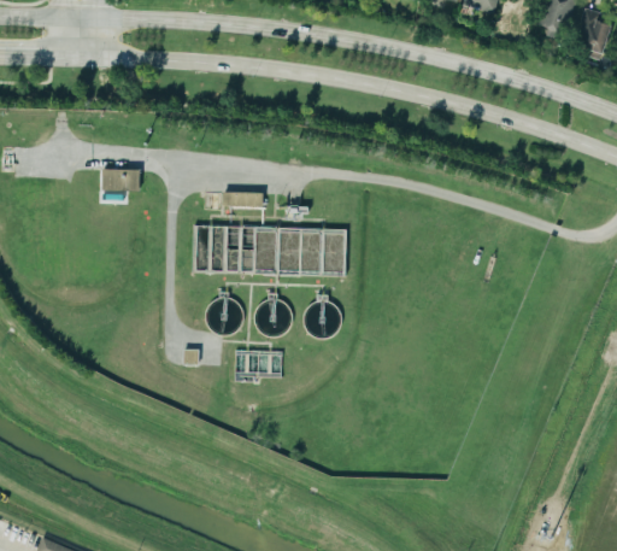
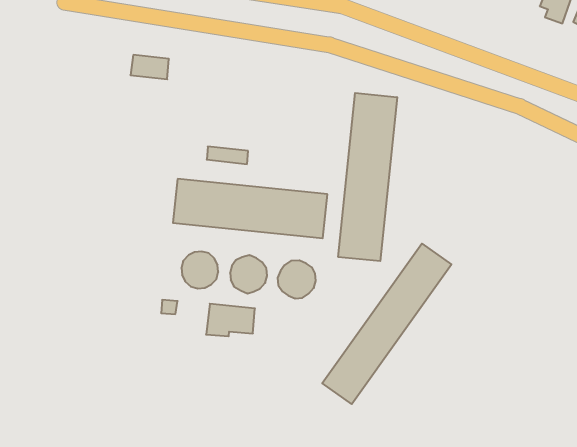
building: none -> [338,93,397,261]
building: [100,168,137,189] -> [130,55,169,79]
building: none -> [322,244,451,404]

